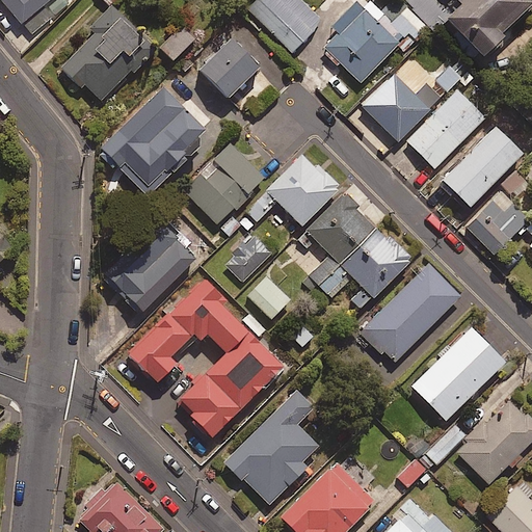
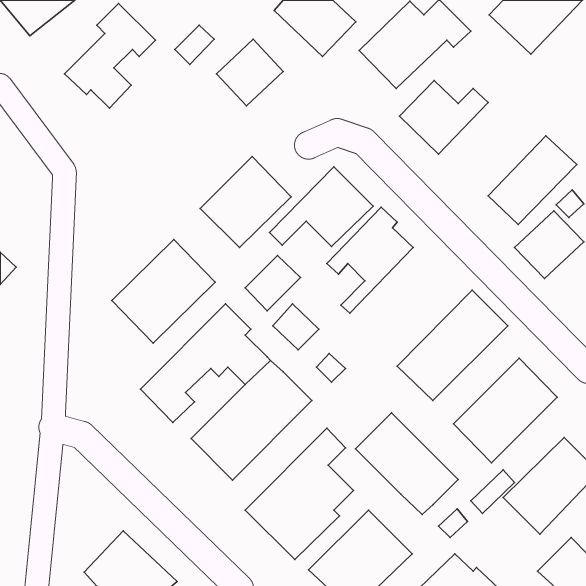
building: [97,84,210,192] -> none
building: [407,90,485,168] -> none
building: [318,225,409,298] -> none
building: none -> [355,413,458,515]

